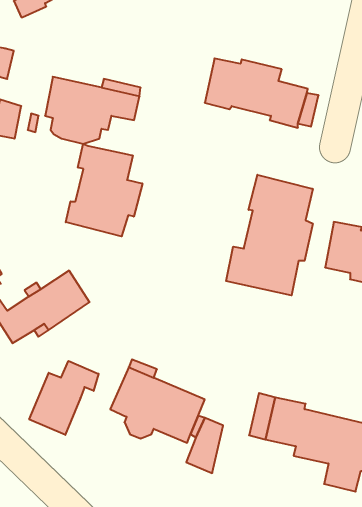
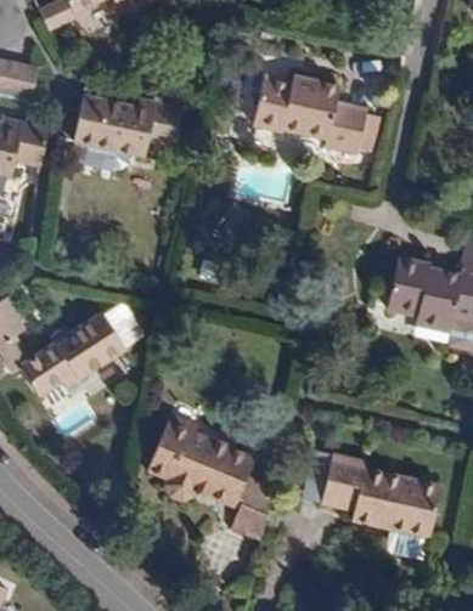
building: [66,144,142,236] -> none
building: [226,175,313,295] -> none
building: [29,361,99,435] -> none

